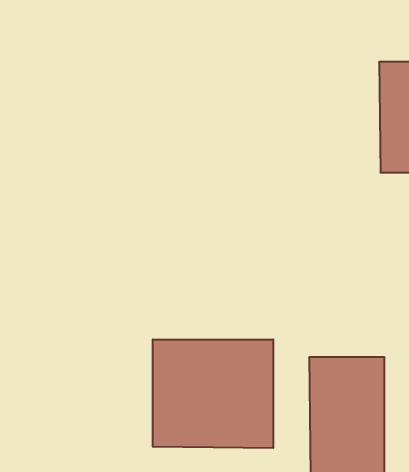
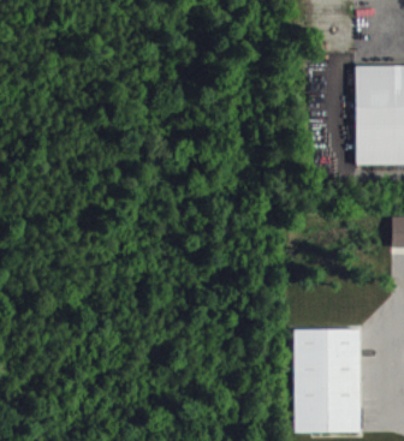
building: [153,339,273,448] -> none

